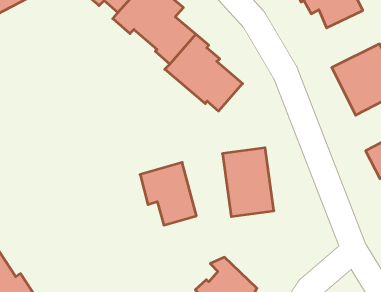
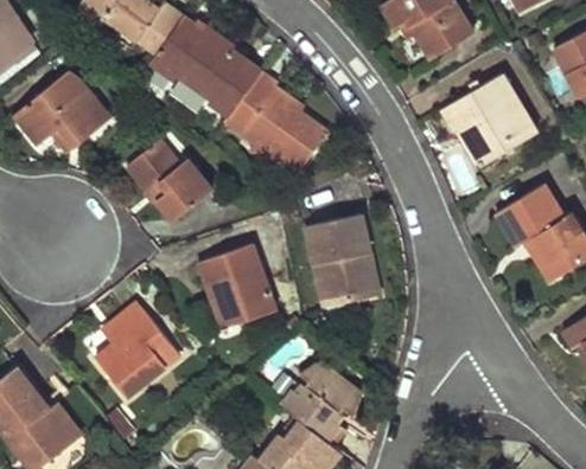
building: none -> [13,75,110,149]
building: none -> [128,143,215,225]
building: none -> [96,310,181,400]

